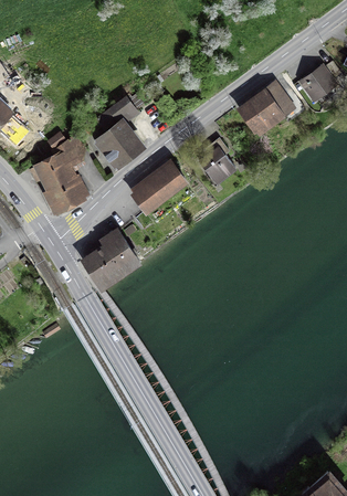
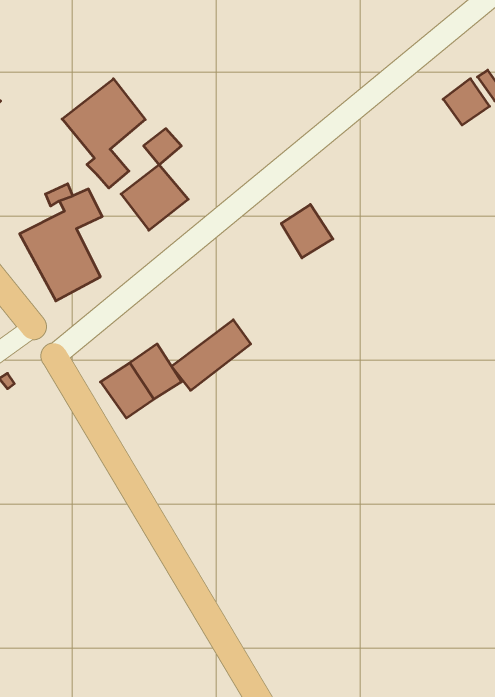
building: none -> [62,79,145,188]
building: [241,85,296,134] -> none
building: [133,165,183,210] -> [172,320,251,390]

